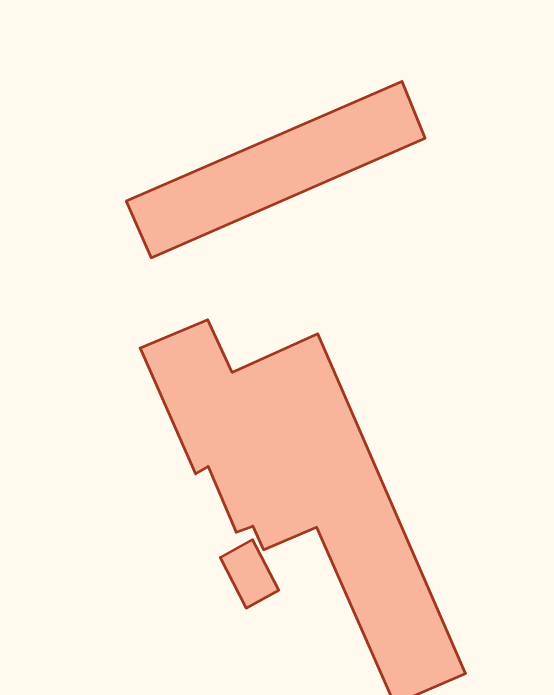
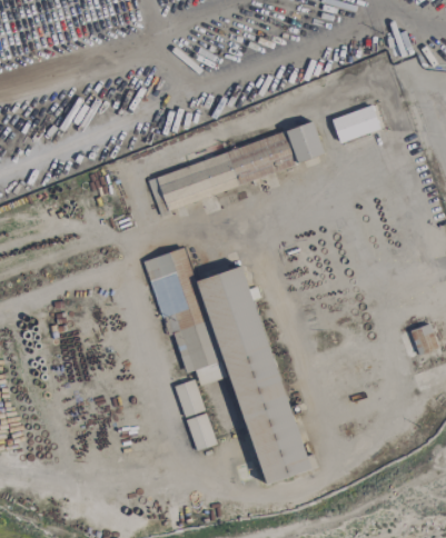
building: none -> [331,104,381,142]
building: none -> [187,412,217,450]

